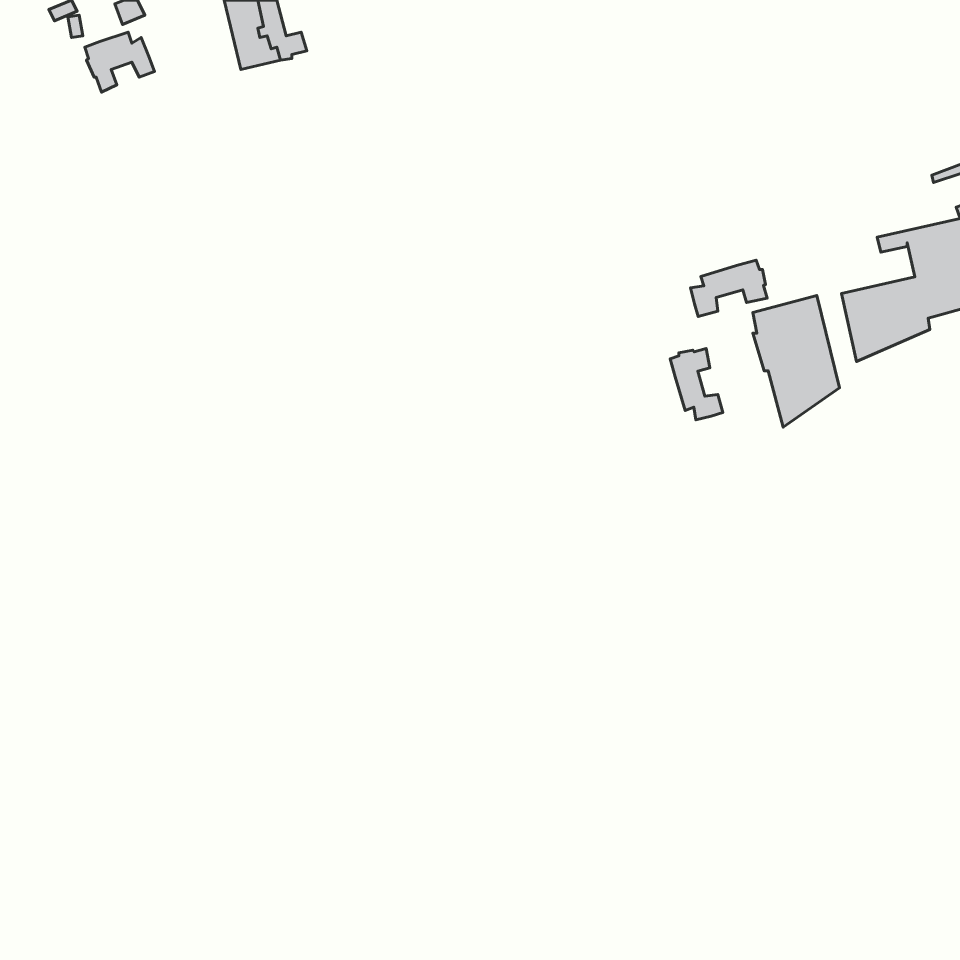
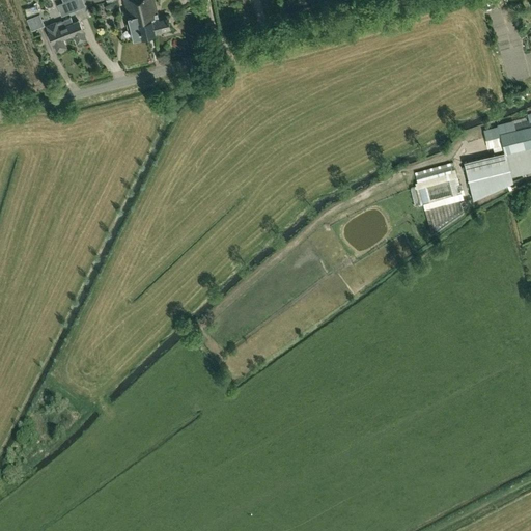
building: [690,260,767,316] -> none
building: [670,348,723,420] -> none

